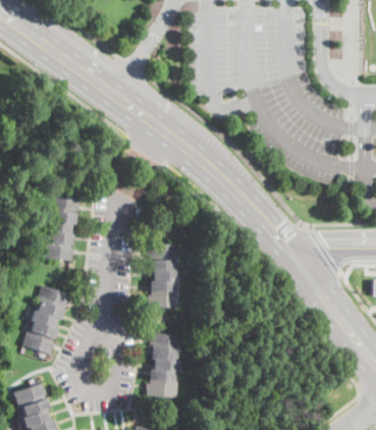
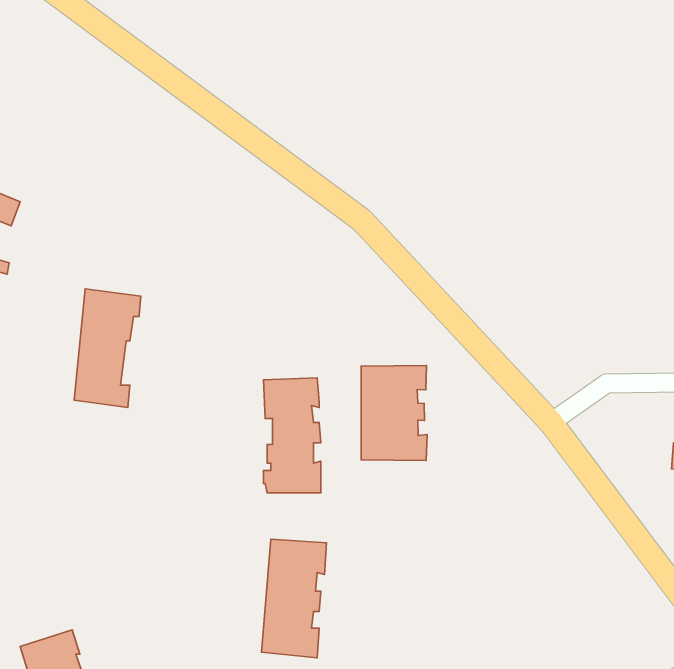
building: none -> [361,365,427,460]
building: [22,285,71,356] -> none

